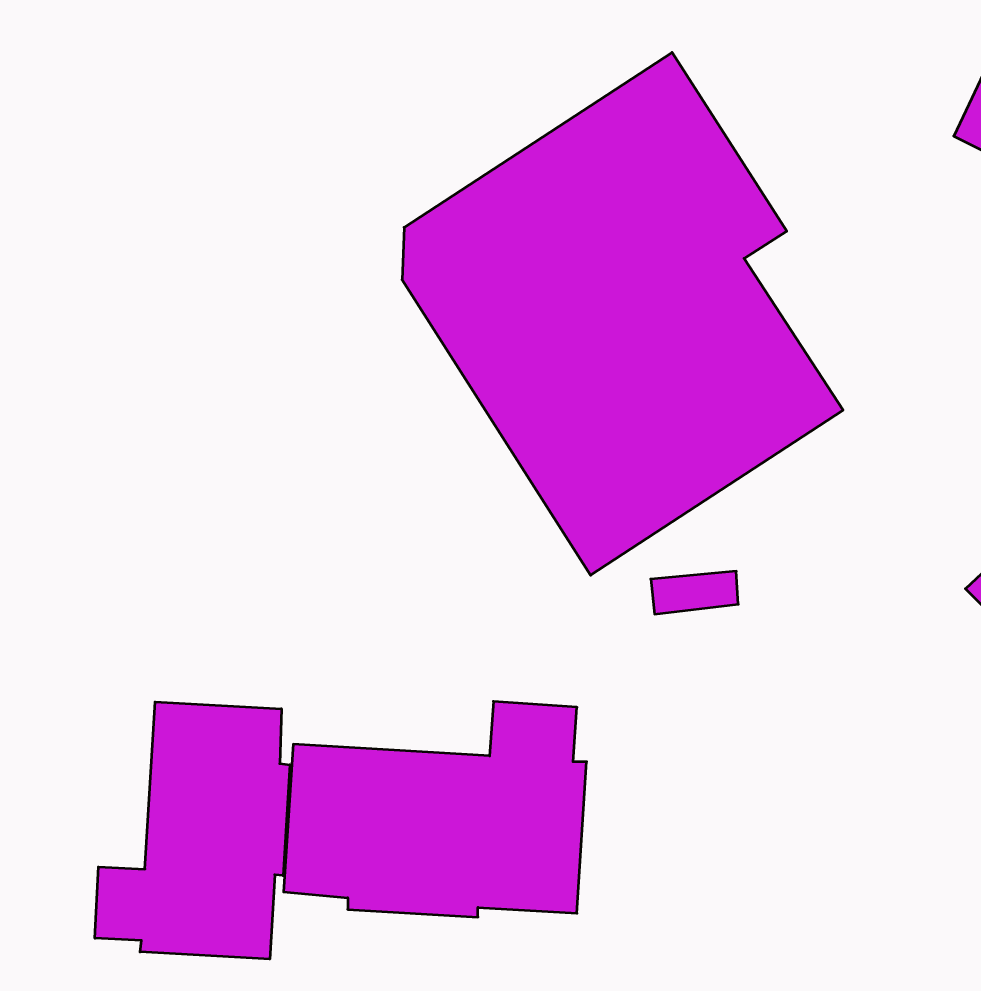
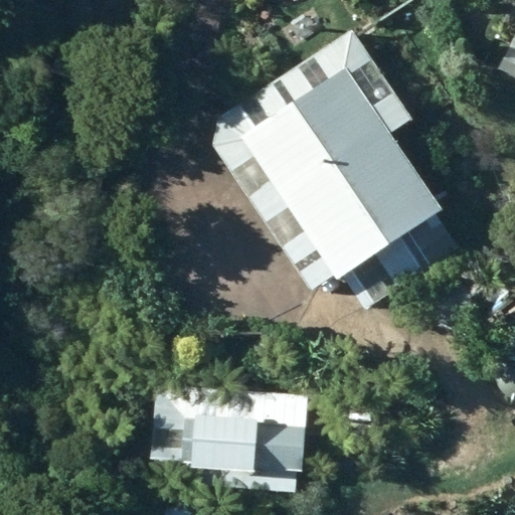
building: [95,702,290,959] -> none

